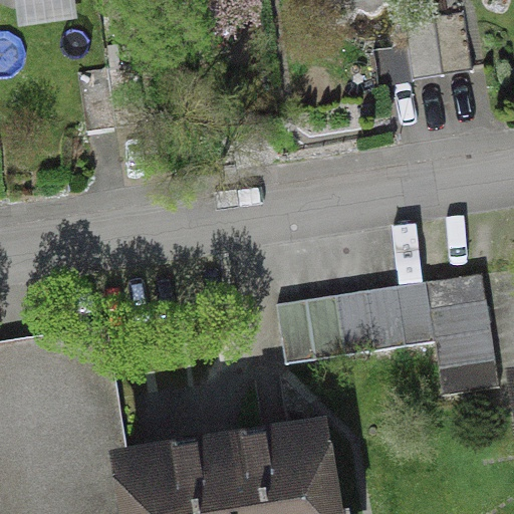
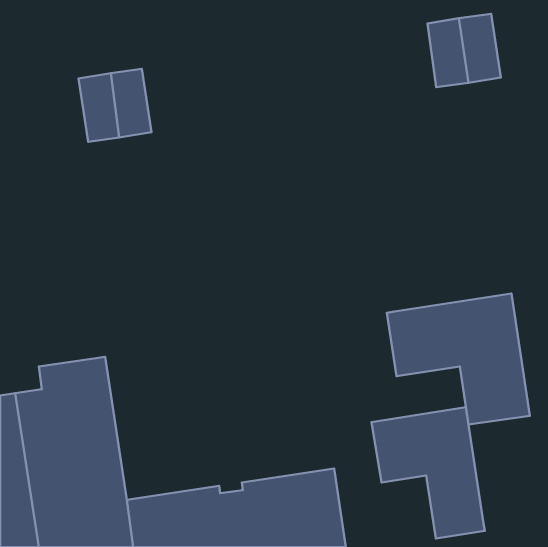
building: [273,292,371,365] -> none
building: none -> [372,407,485,538]

